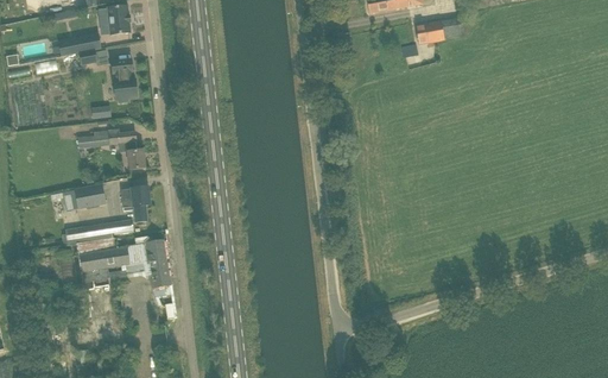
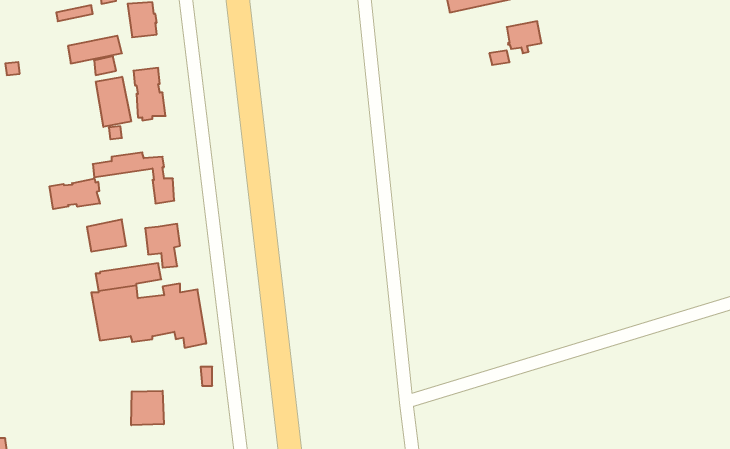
building: none -> [96,77,131,127]
building: none -> [50,179,100,209]
building: none -> [131,391,164,425]

